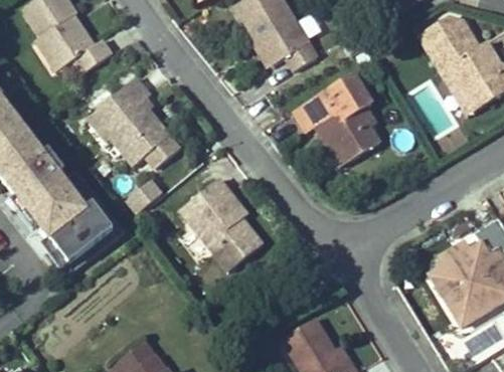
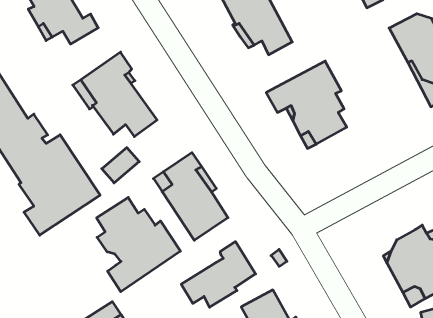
building: none -> [97,197,180,292]
building: none -> [181,242,256,307]

